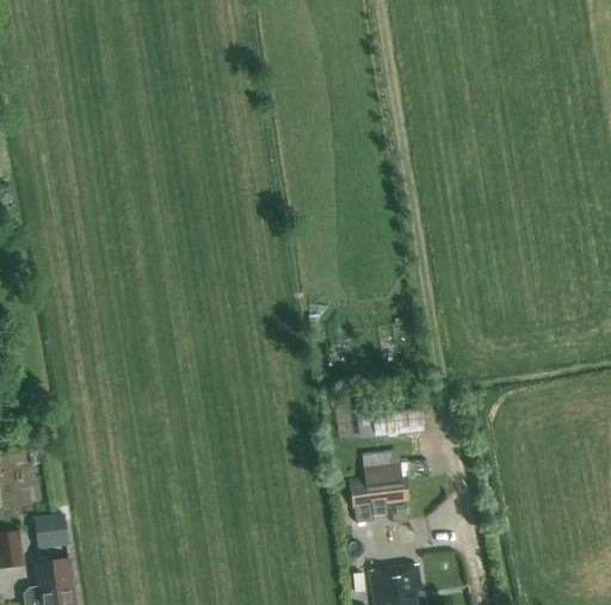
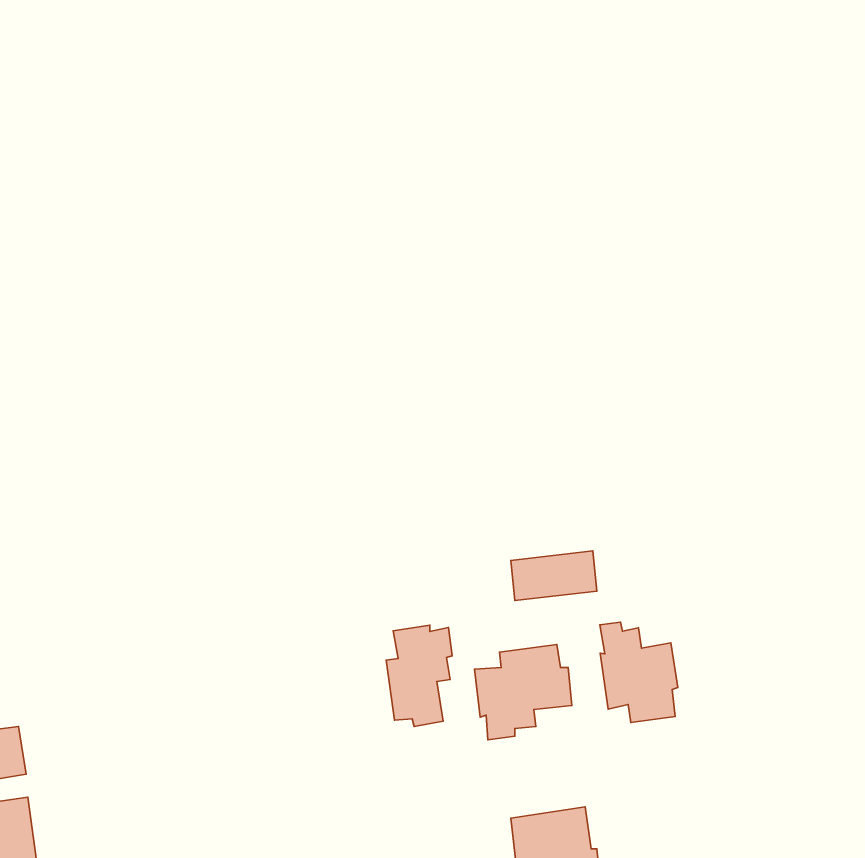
building: none -> [600,622,678,723]
building: none -> [386,625,452,726]

